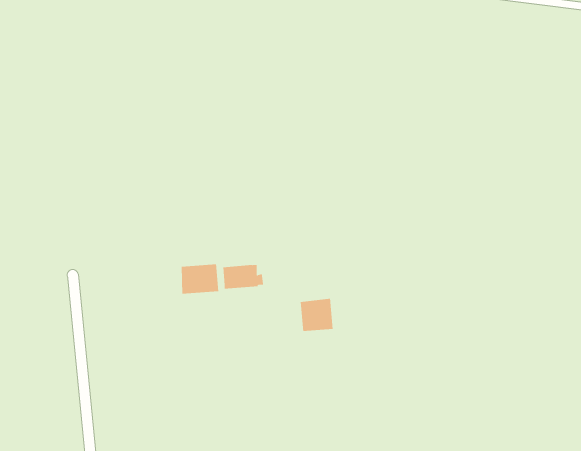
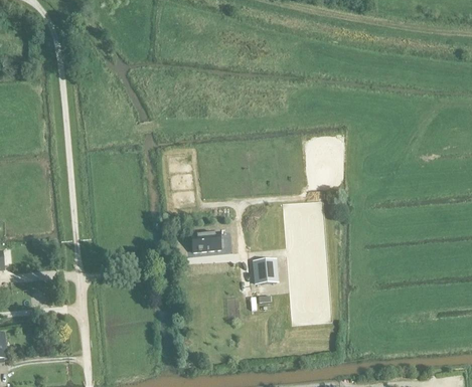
building: [181,263,219,294] -> none

